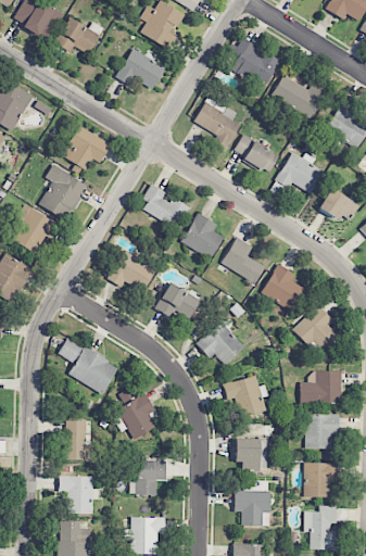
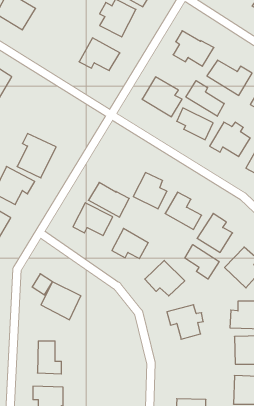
building: [54,16,102,53] -> none
building: none -> [186,81,224,116]
building: [61,125,111,172] -> none
building: [139,186,189,228] -> [88,182,129,217]
building: none -> [185,245,219,279]
building: [113,387,156,438] -> none
building: [235,438,266,469] -> none
building: [129,459,166,494] -> none

